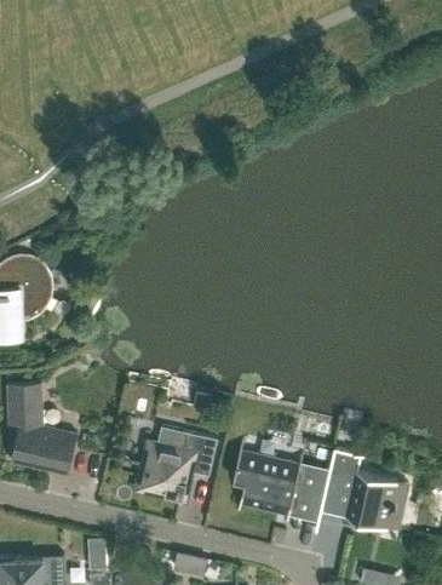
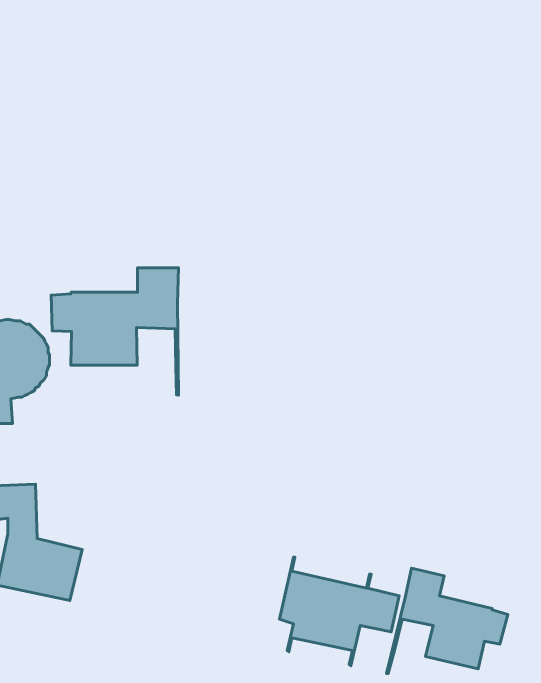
building: none -> [51,268,178,395]
building: [138,426,218,501] -> none

